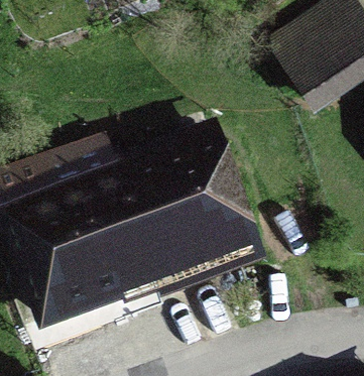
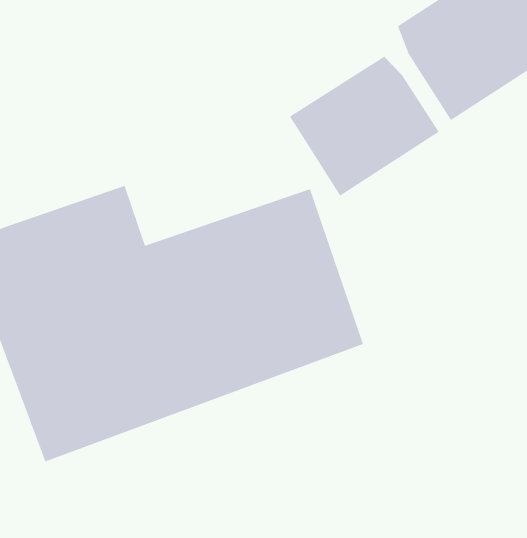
building: none -> [289,56,440,196]

